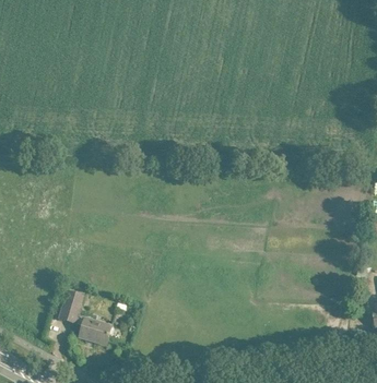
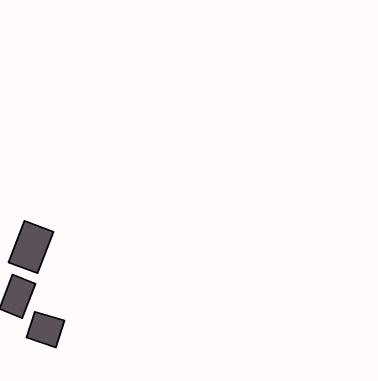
building: none -> [8,221,54,273]

